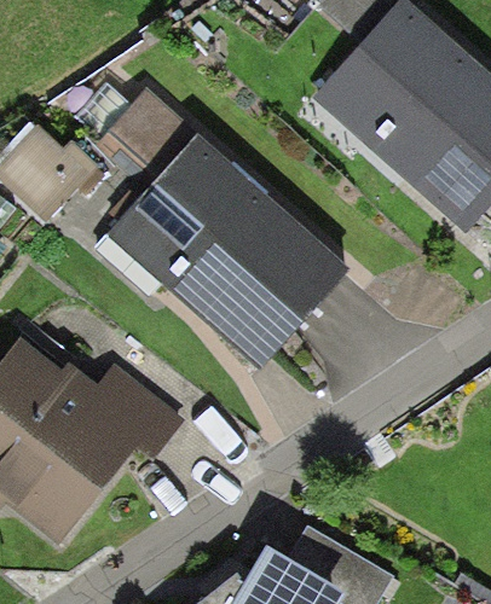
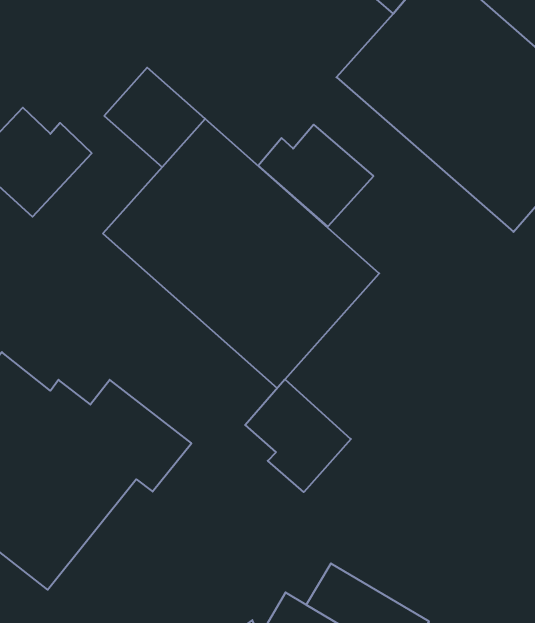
building: none -> [258,125,373,227]
building: none -> [245,379,351,492]

